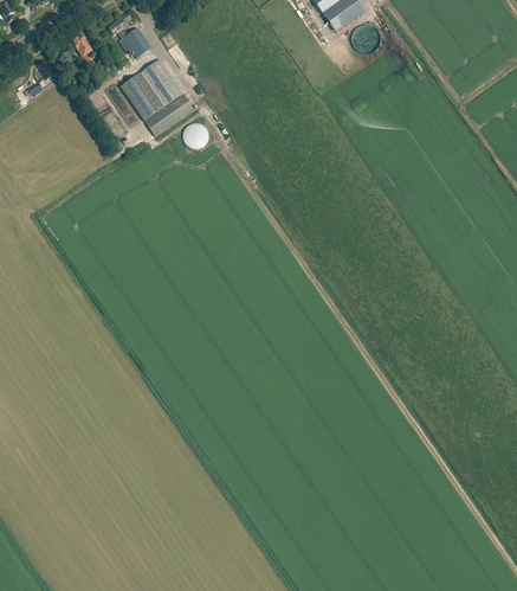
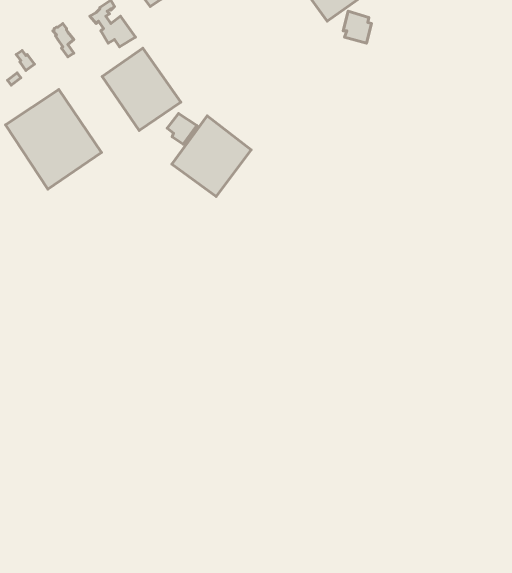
building: none -> [6,89,102,189]
building: none -> [172,116,251,197]

